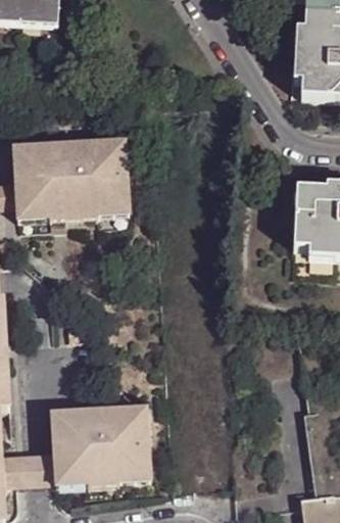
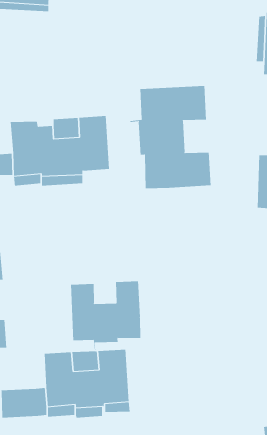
building: none -> [129,85,211,189]
building: none -> [70,281,141,351]

